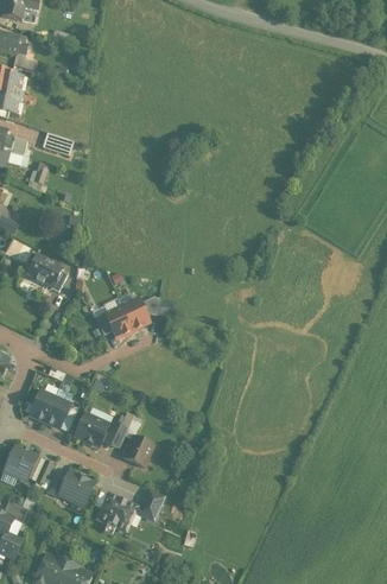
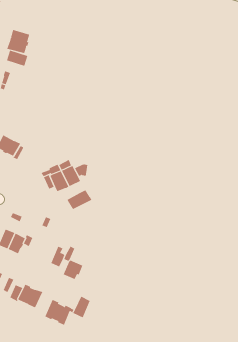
building: none -> [7,29,30,54]
building: none -> [67,190,92,210]
building: [75,413,109,445] -> none

